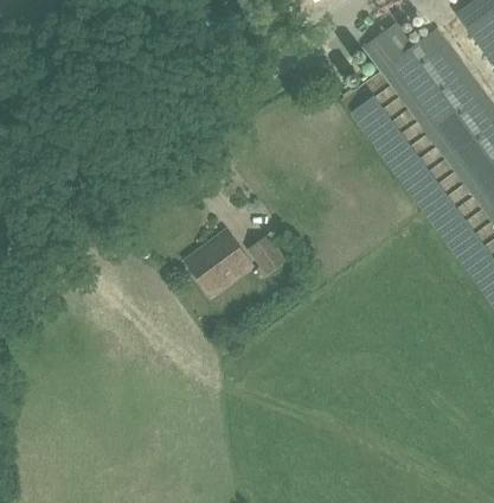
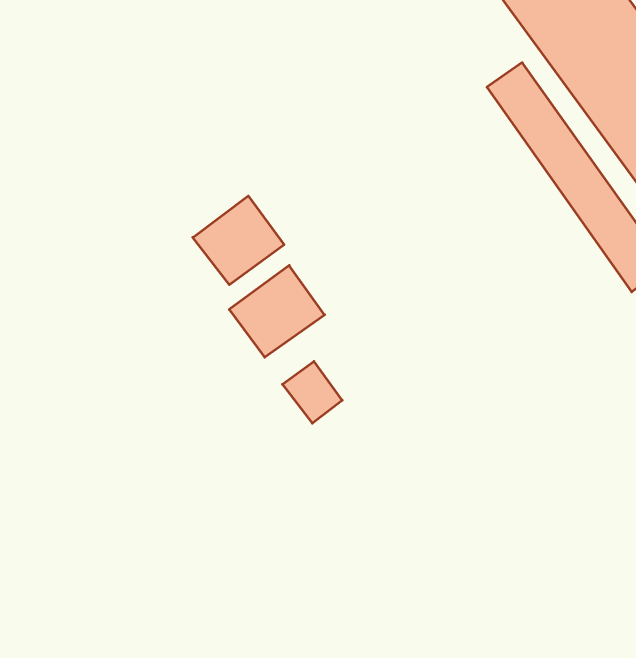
building: none -> [193,196,284,285]
building: [246,234,287,275] -> [282,361,342,423]

